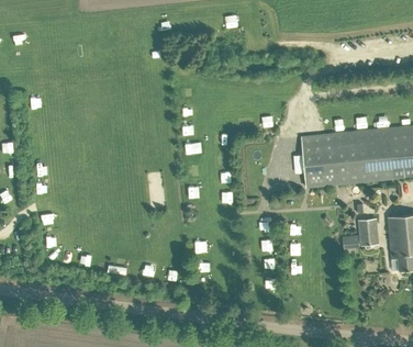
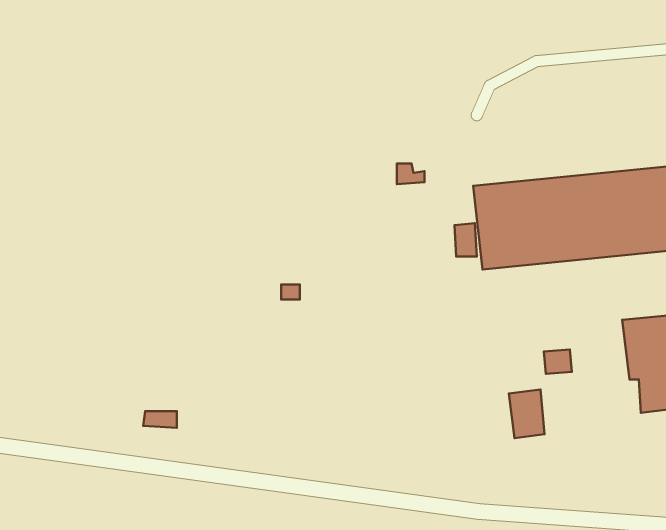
building: [356,216,377,245] -> [509,390,544,438]

